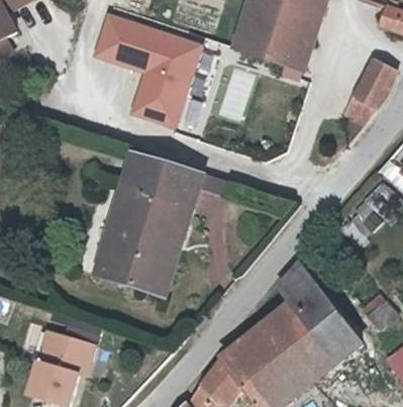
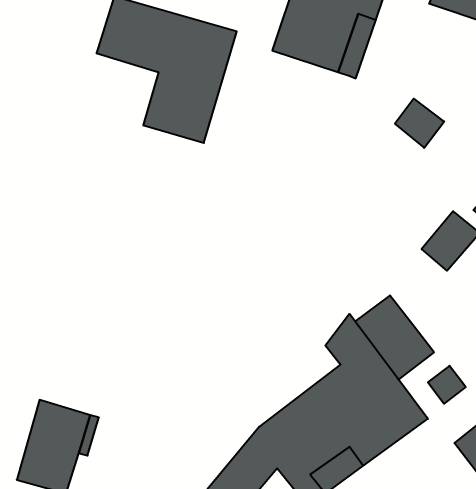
building: [350,60,396,107] -> none
building: [95,156,220,290] -> none
building: none -> [355,295,434,380]

